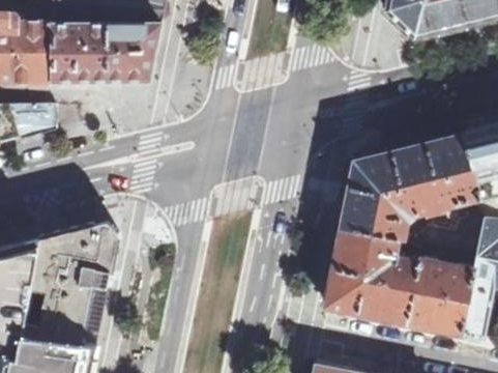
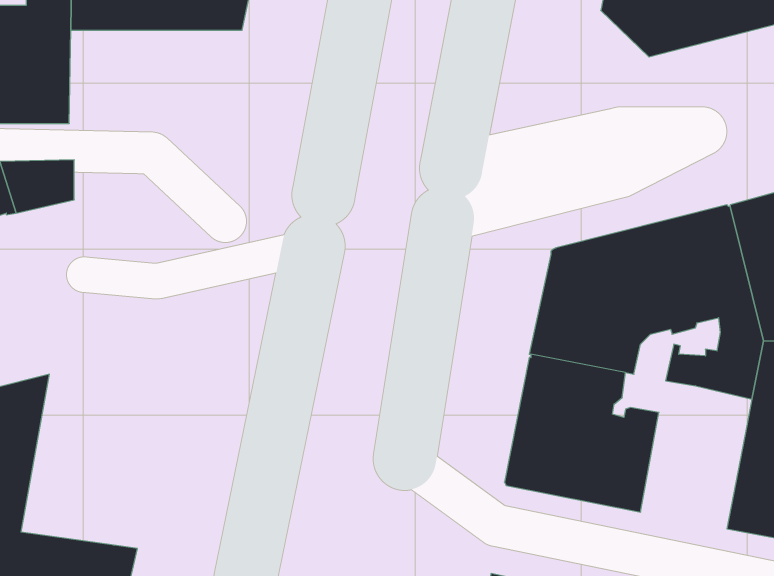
building: [53,23,160,81] -> none
building: [23,221,119,344] -> none
building: [409,241,475,334] -> none

